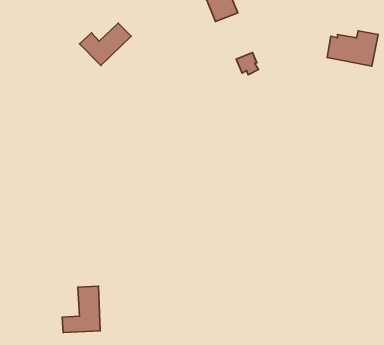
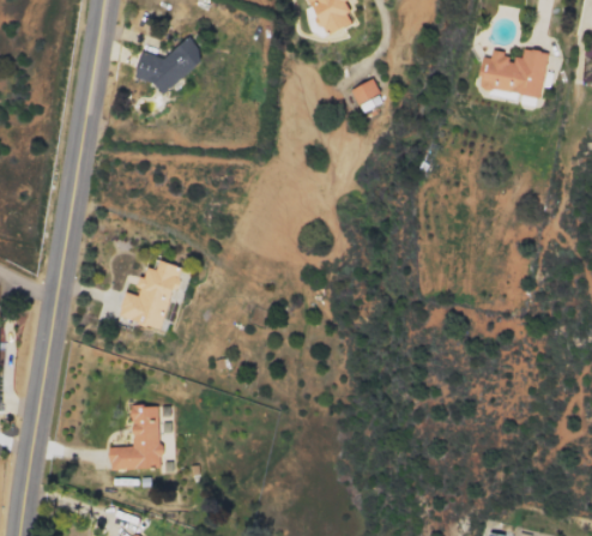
building: none -> [119,260,181,329]

